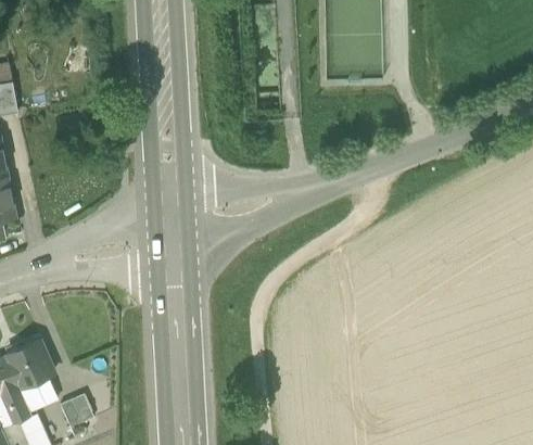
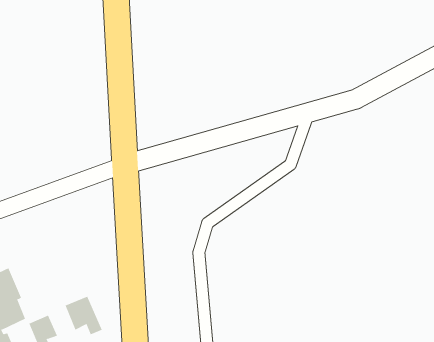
building: none -> [65,296,103,335]

